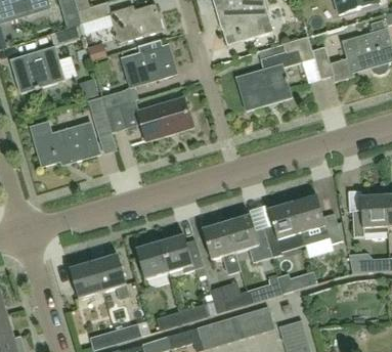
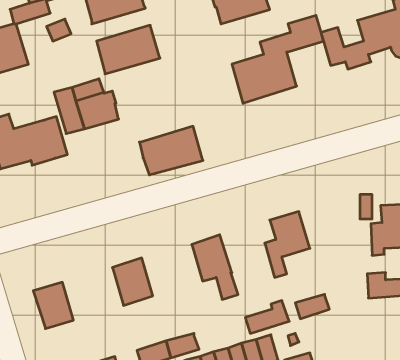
building: [137,97,190,138] -> [139,126,203,175]
building: [292,193,329,245] -> none
building: [225,214,271,262] -> none
building: [160,234,204,272] -> none
building: [93,254,126,293] -> none
building: [210,281,251,314] -> none

